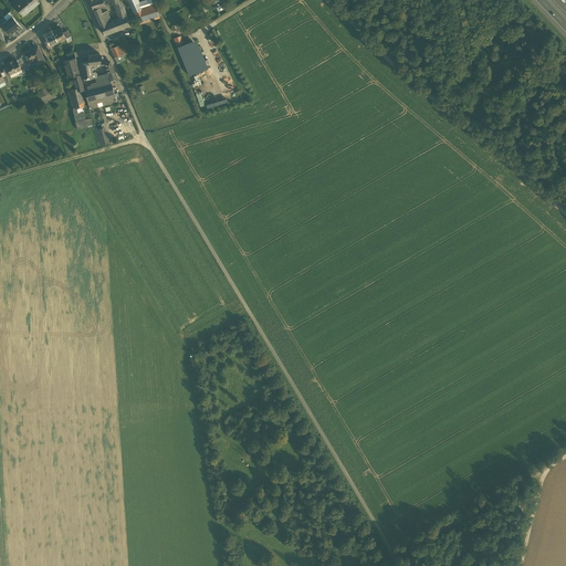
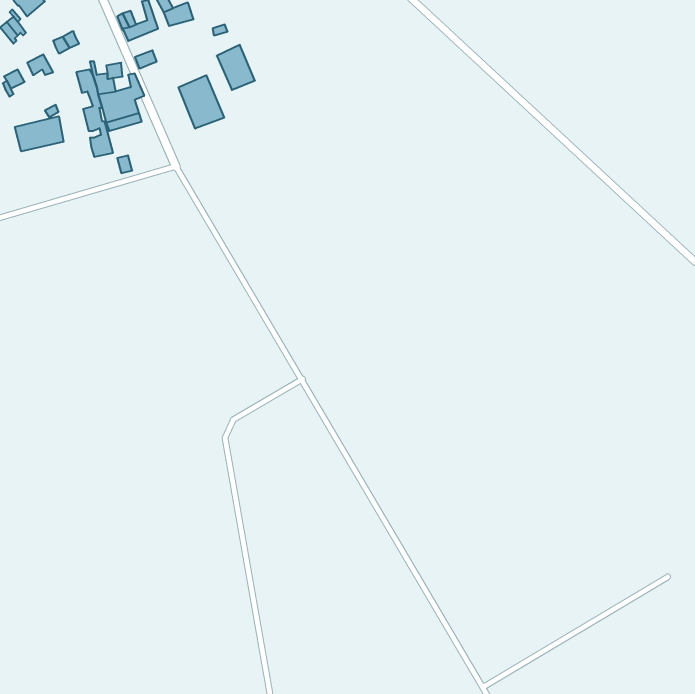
building: none -> [179,75,224,129]
building: none -> [15,116,64,151]

